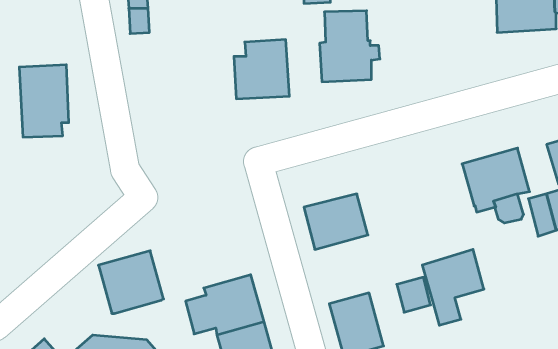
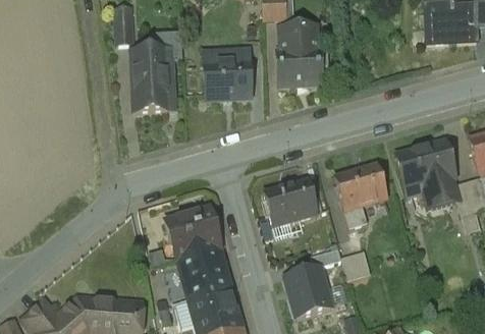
building: [19,65,69,137] -> [132,47,174,108]
building: [422,249,484,325] -> [335,162,387,226]
building: [98,251,164,313] -> [166,204,221,257]

